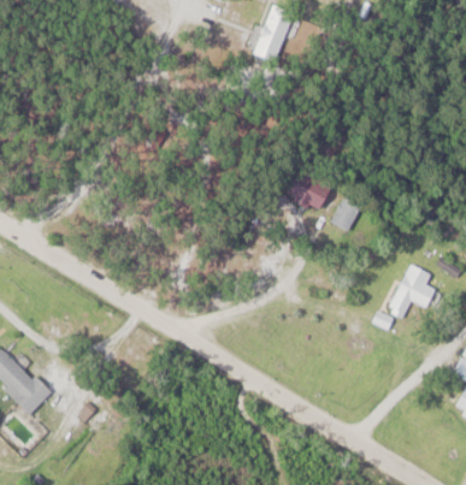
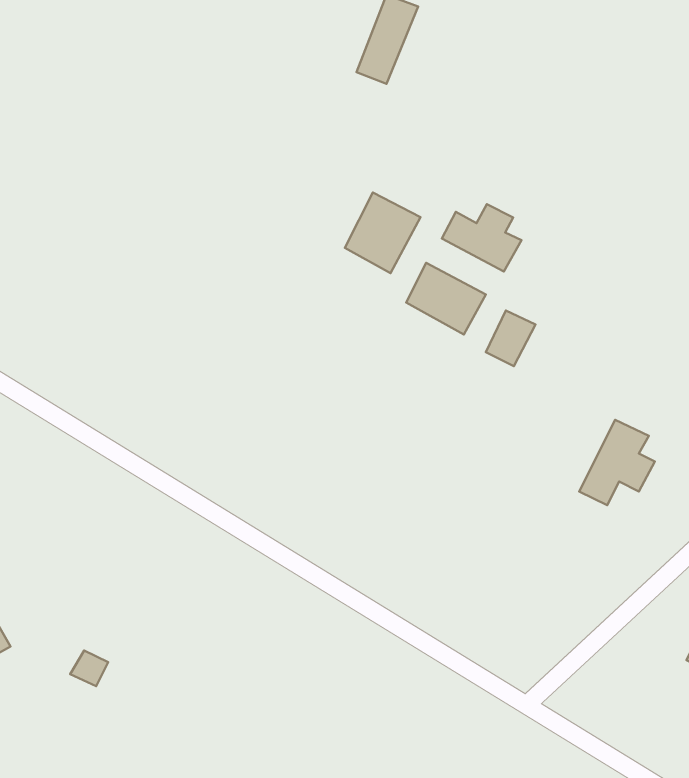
building: none -> [345,192,420,273]
building: none -> [442,204,522,272]

